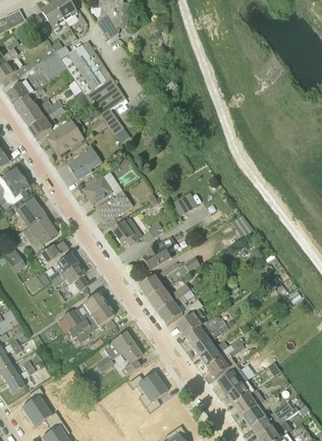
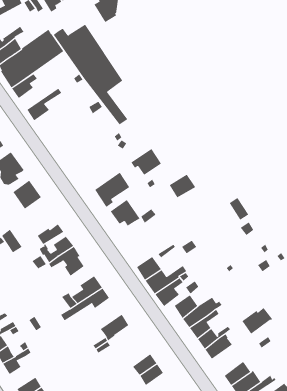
building: [21,98,63,126] -> none
building: [48,119,85,154] -> none
building: [67,144,103,179] -> none
building: [83,174,114,202] -> [130,148,162,176]
building: [21,214,56,247] -> none
building: [143,240,172,269] -> none
building: [118,342,142,374] -> none
building: [218,366,250,393] -> [242,307,273,334]

